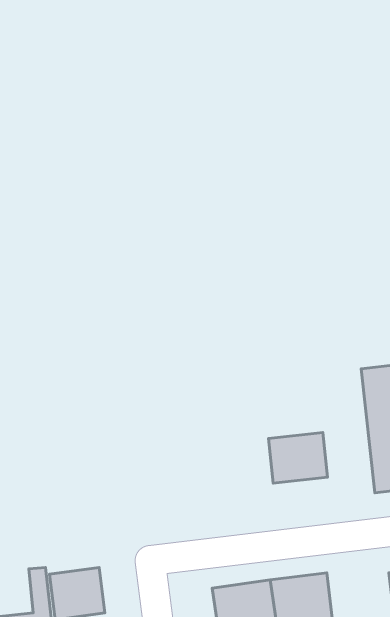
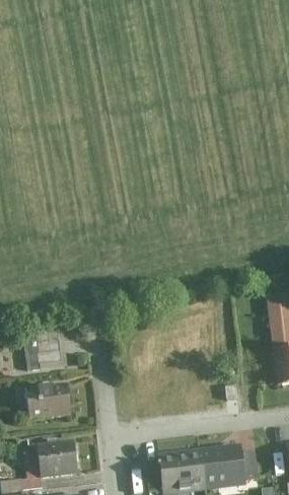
building: none -> [28,333,59,363]
building: [268,432,328,483] -> none
building: none -> [26,384,71,421]

